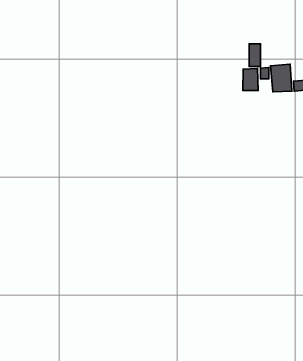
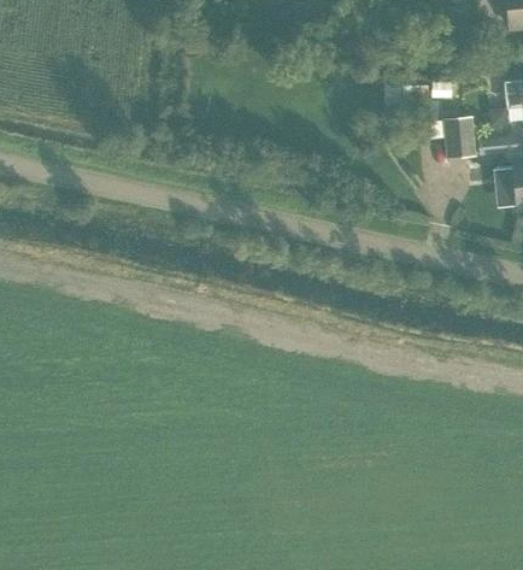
building: [243,69,258,91] -> none

